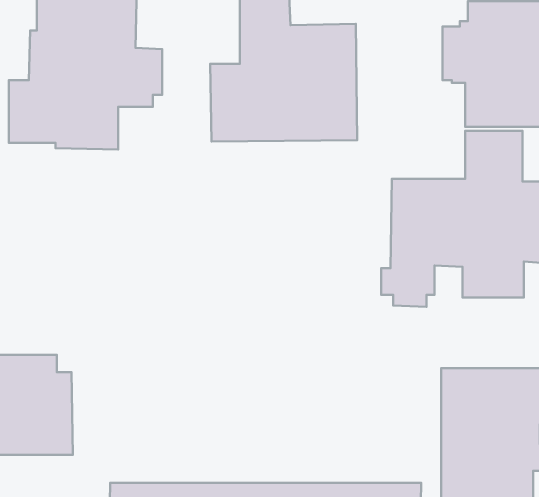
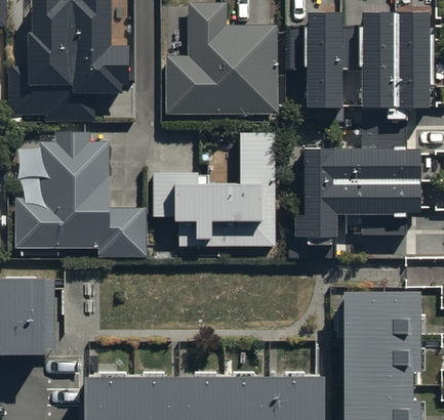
building: none -> [288,13,341,110]
building: none -> [17,132,145,259]
building: none -> [154,132,277,247]

